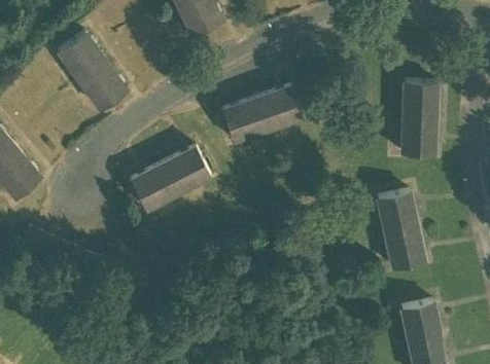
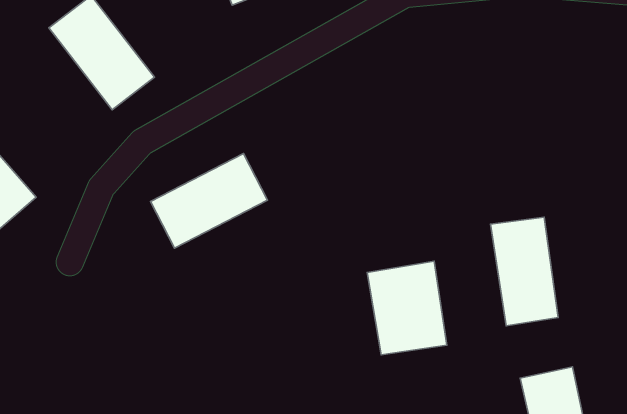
building: [402,81,439,155] -> none
building: [220,85,303,143] -> none
building: none -> [367,261,447,355]

